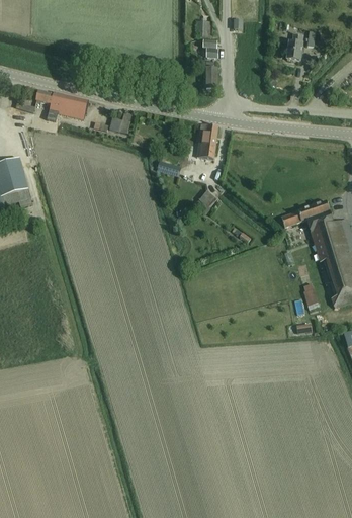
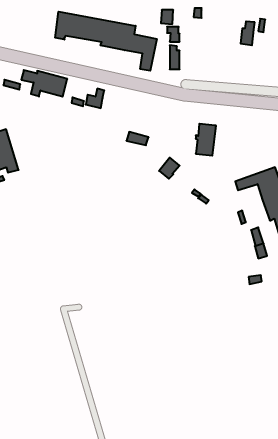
building: none -> [55,12,157,71]
building: [196,122,219,159] -> [196,124,216,156]

